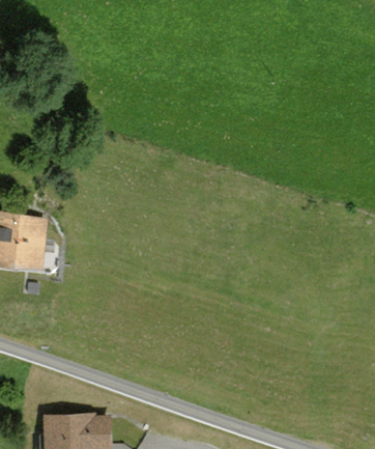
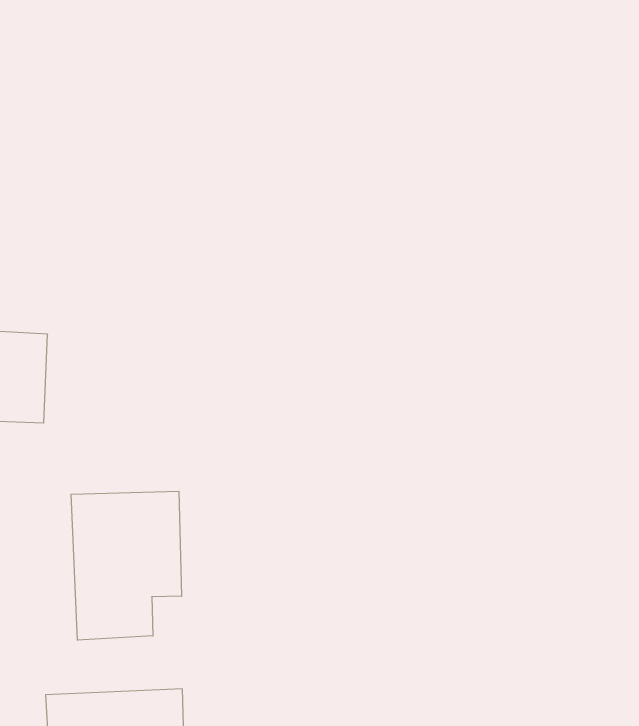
building: none -> [71,491,182,640]

